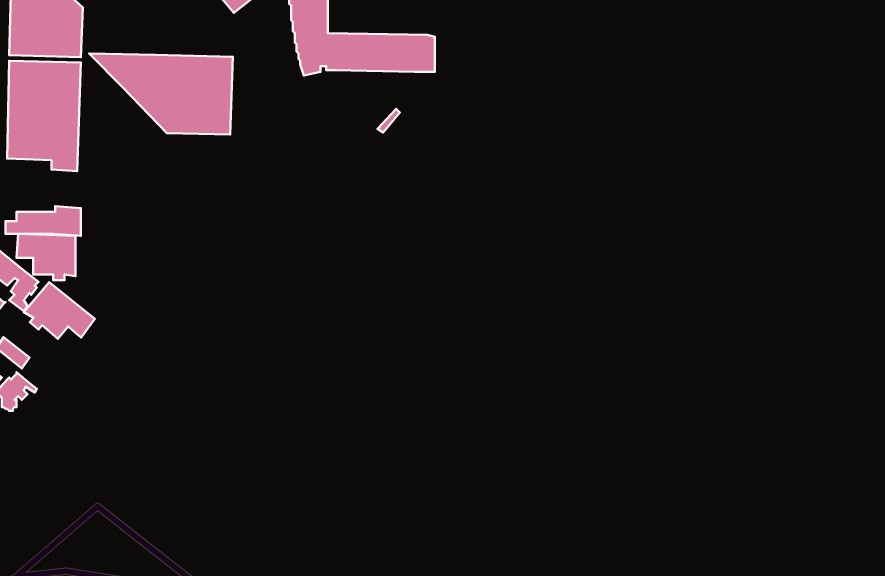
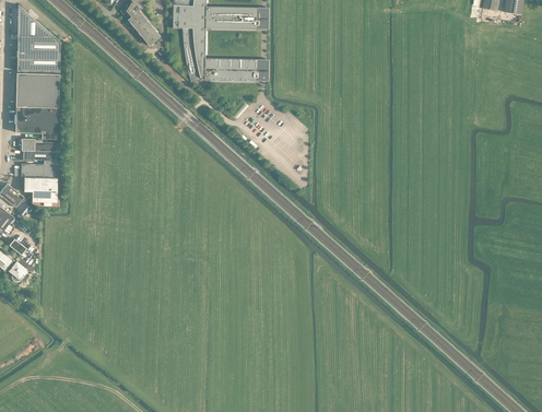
building: [89,54,233,134] -> none
building: none -> [20,138,55,160]
building: [24,282,95,339] -> none

